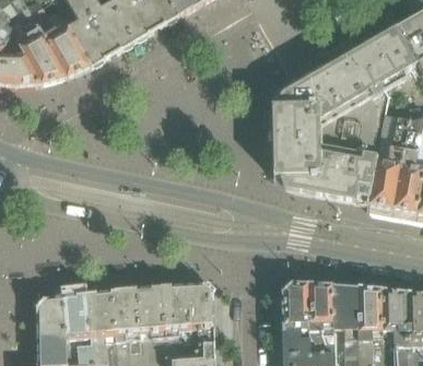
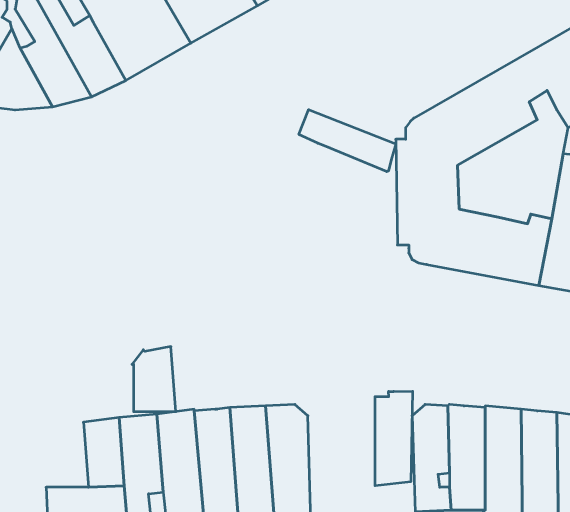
building: none -> [299,110,396,172]
building: none -> [375,391,413,486]
building: [36,295,66,339] -> [132,347,176,412]

